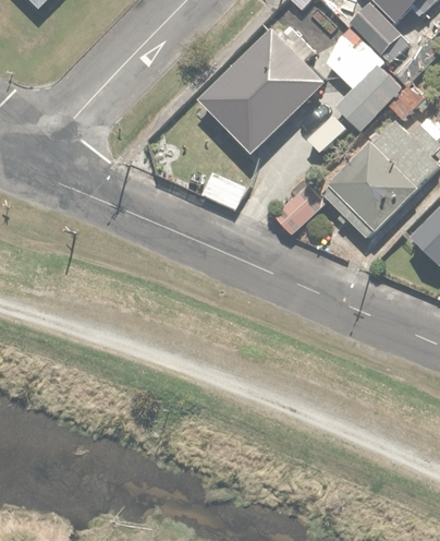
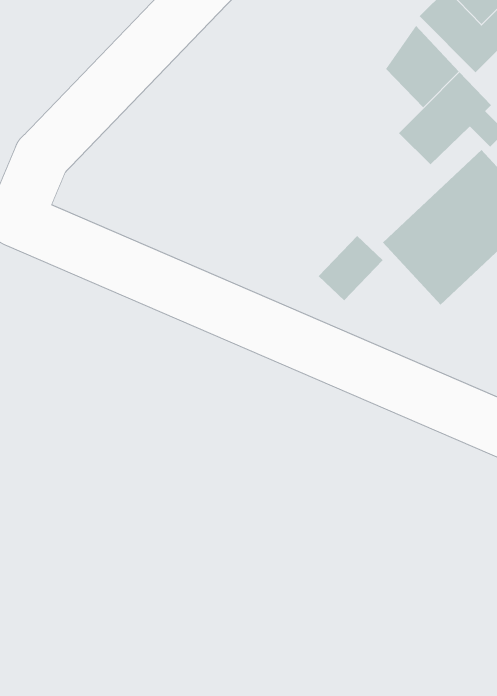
building: [197,27,322,152] -> none

